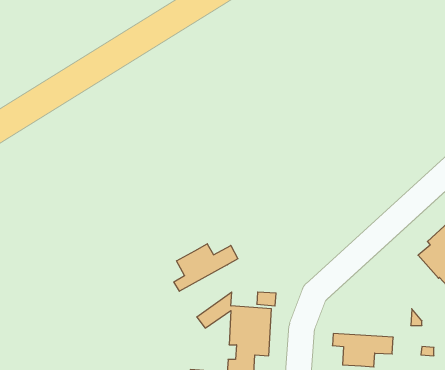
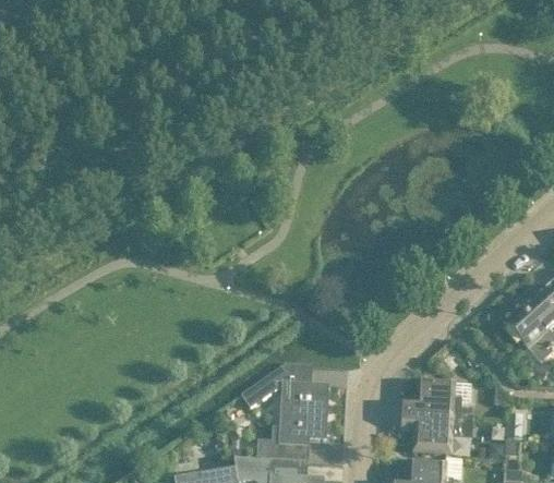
building: [174,244,238,291] -> none
building: none -> [401,381,470,419]

